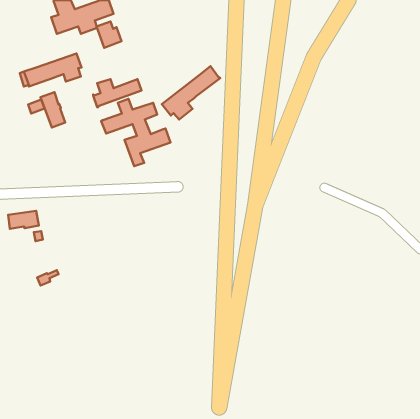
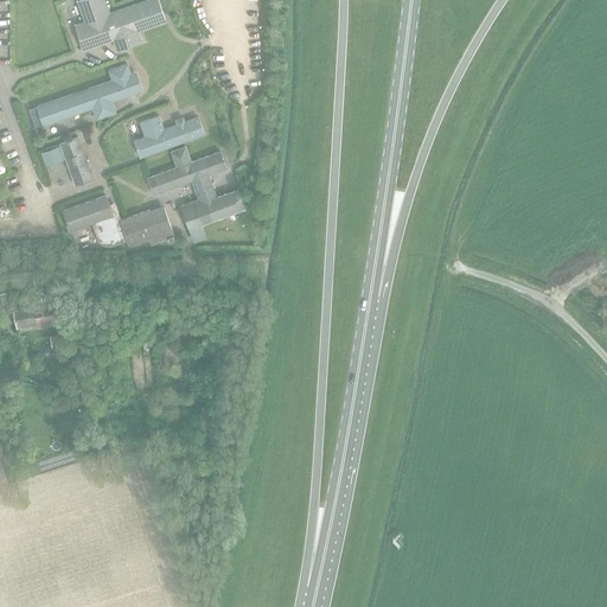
building: [97,21,121,48] -> [107,62,142,100]
building: [162,66,220,119] -> none
building: none -> [63,198,173,247]

